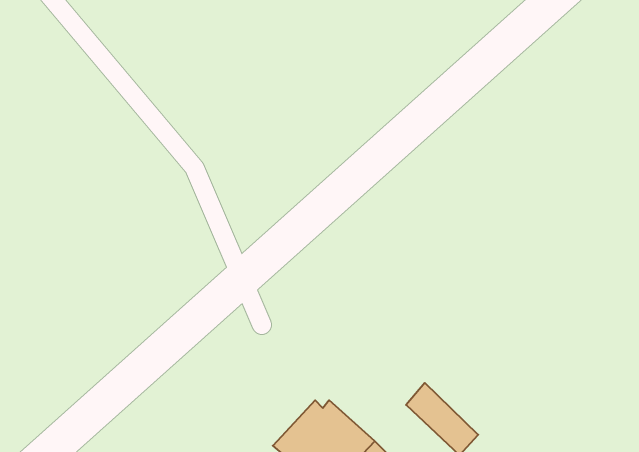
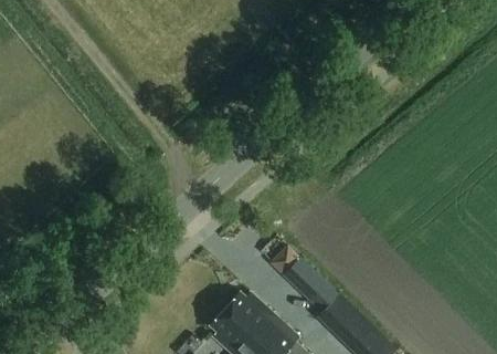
building: none -> [273,250,320,296]

